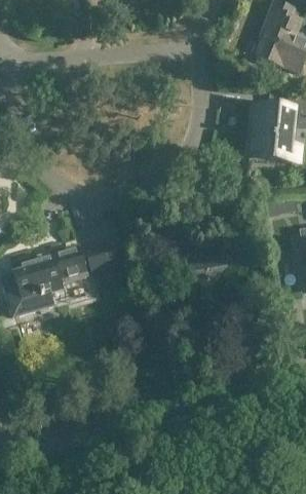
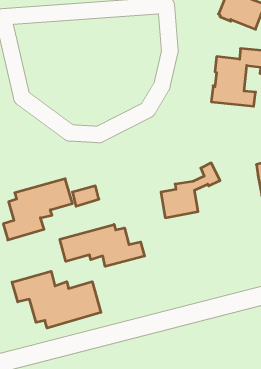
building: none -> [60,224,145,266]
building: none -> [12,271,101,328]

